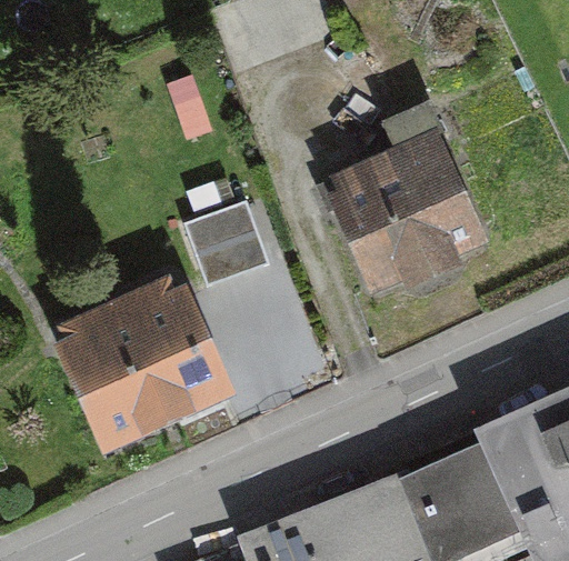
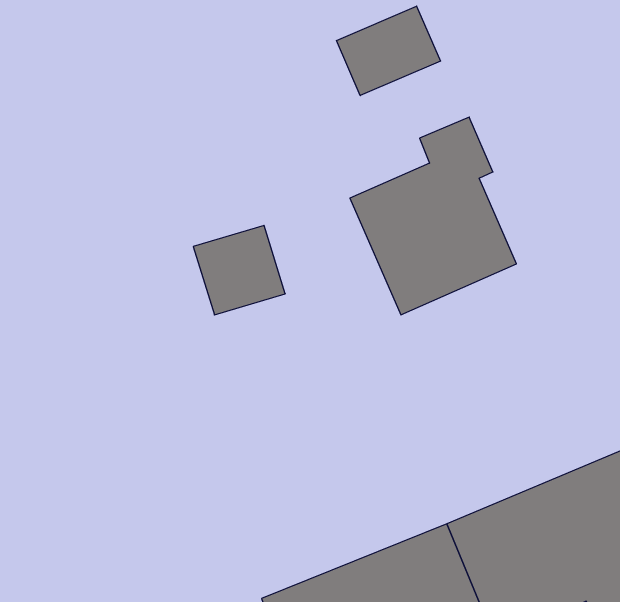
building: none -> [336,6,441,96]
building: [57,283,220,445] -> none

